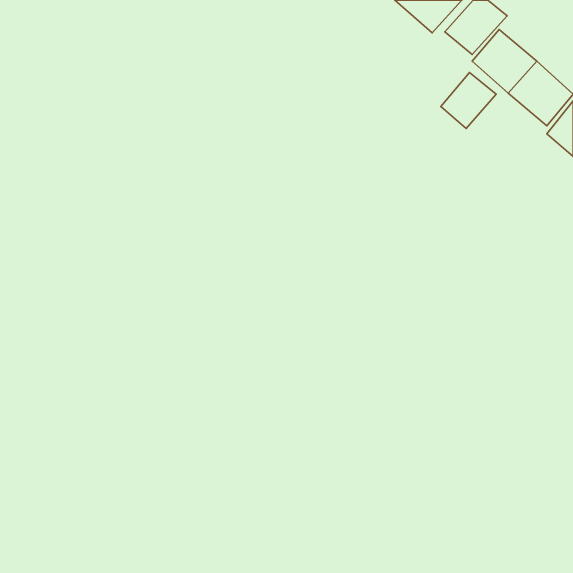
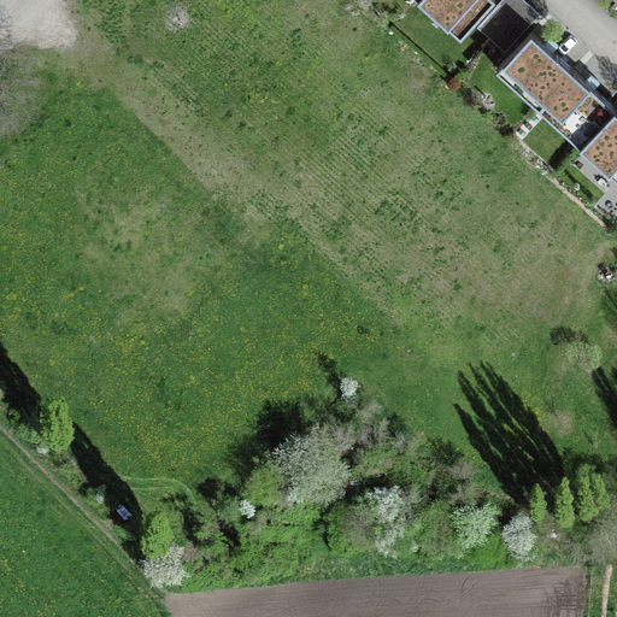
building: [441,73,496,128] -> none

